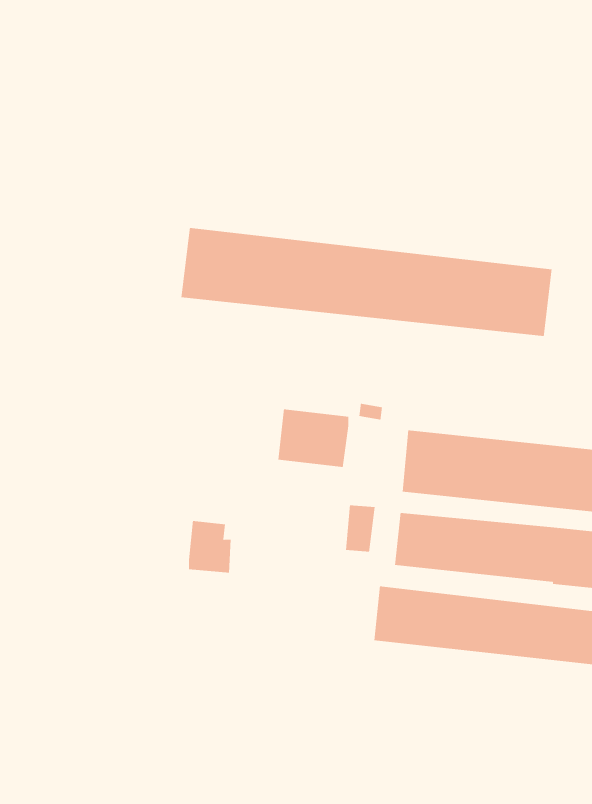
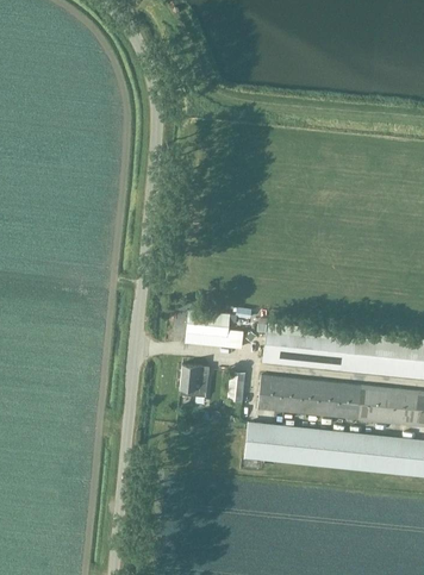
building: [181,227,552,337] -> none
building: [188,520,232,573] -> [181,364,208,398]

